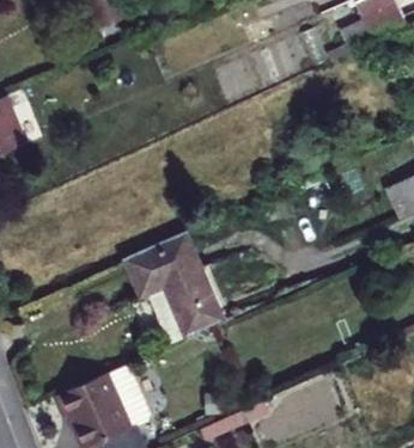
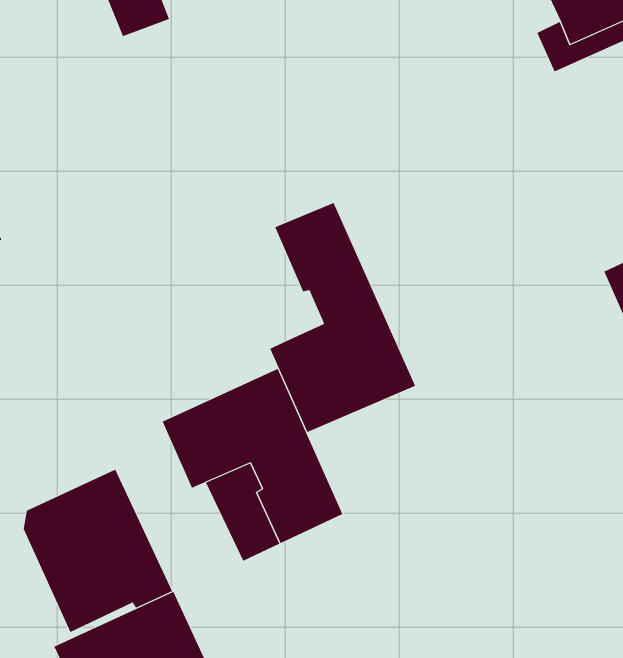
building: none -> [269,202,416,433]
building: none -> [23,469,173,633]

